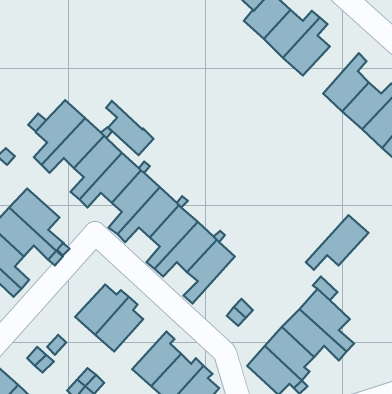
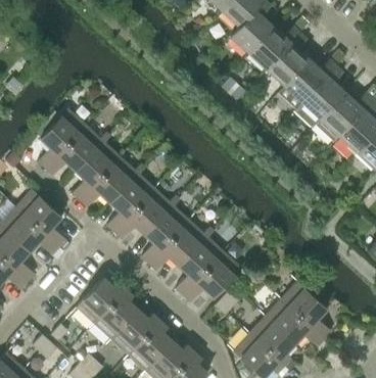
building: none -> [284,59,335,102]
building: [106,101,154,155] -> none
building: [306,215,369,270] -> [183,251,240,301]
building: none -> [111,309,159,355]

